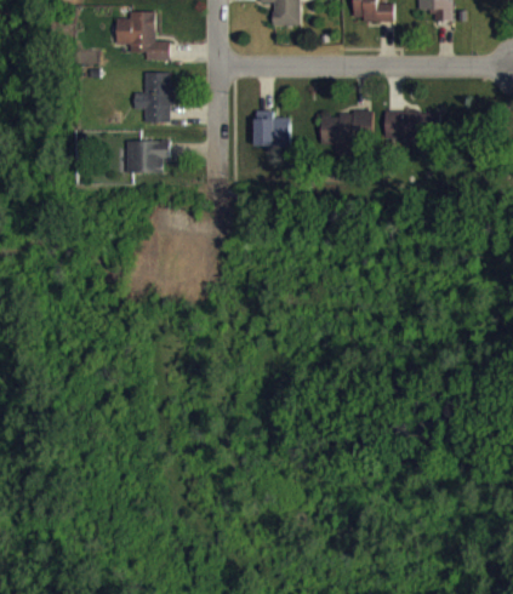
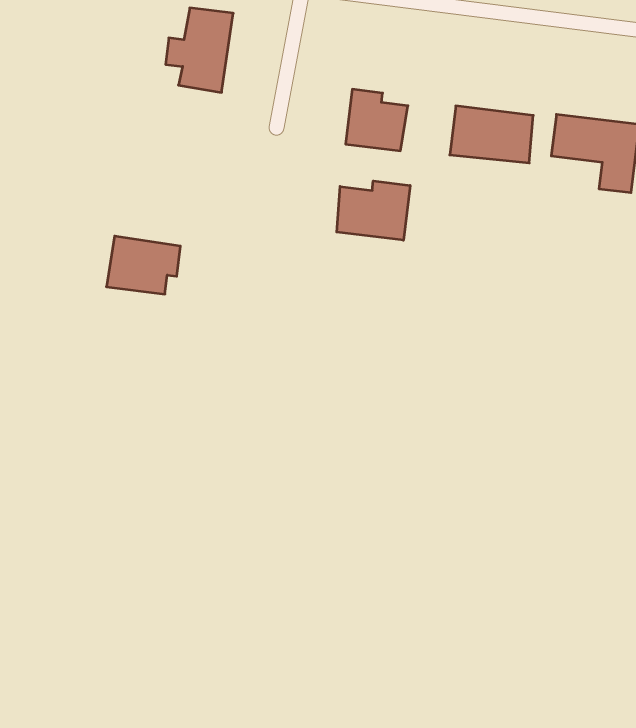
building: [126,139,170,172] -> [106,236,180,294]
building: none -> [337,181,410,240]

